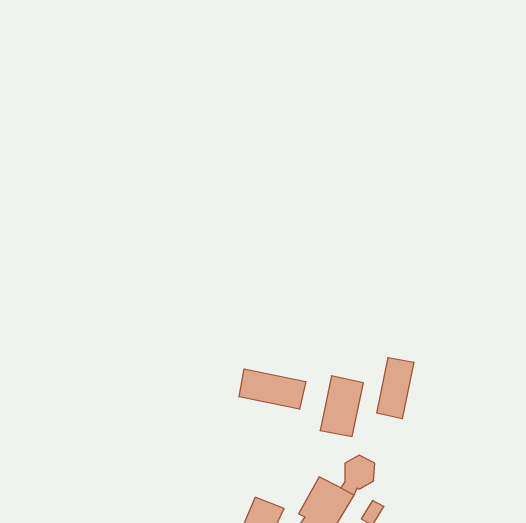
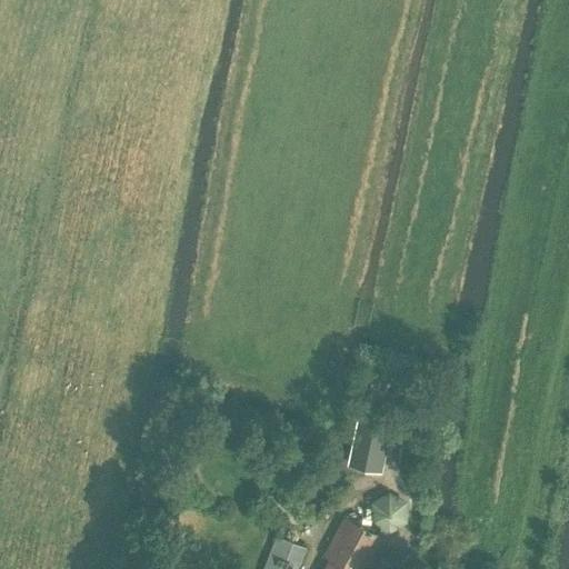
building: [377,357,414,419] -> none
building: [239,369,306,409] -> none

